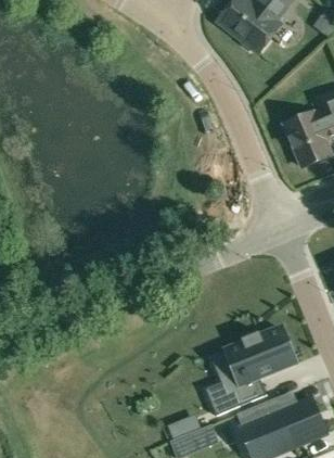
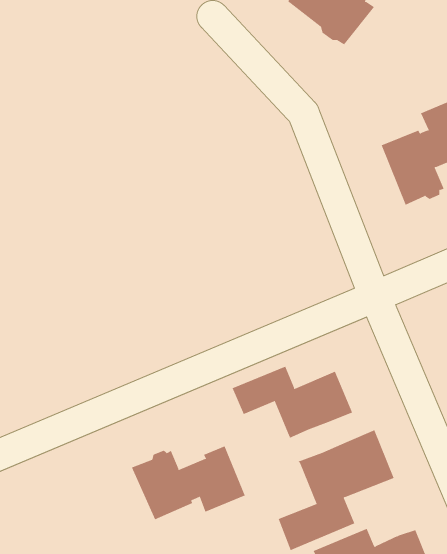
building: none -> [232,366,353,439]
building: none -> [131,445,246,520]

